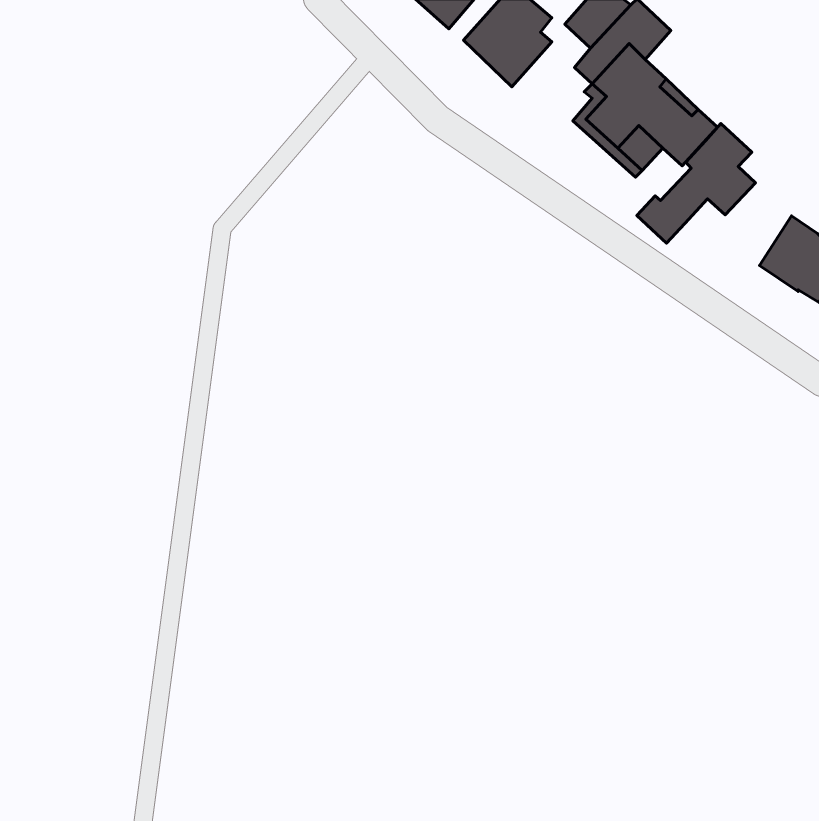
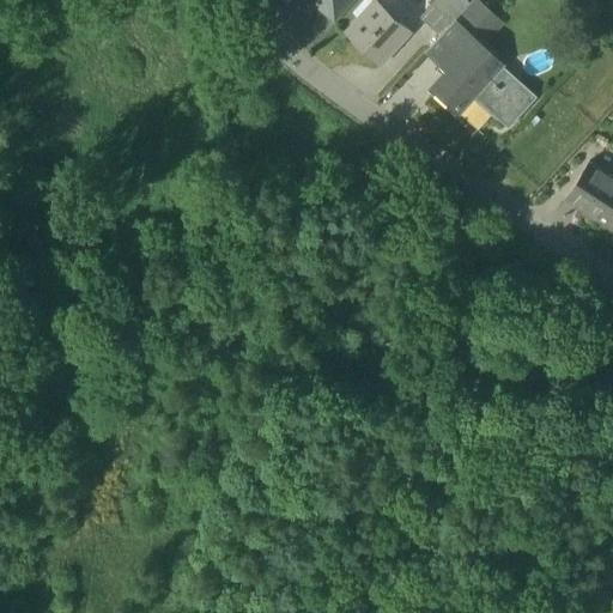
building: [637,123,756,243] -> none

